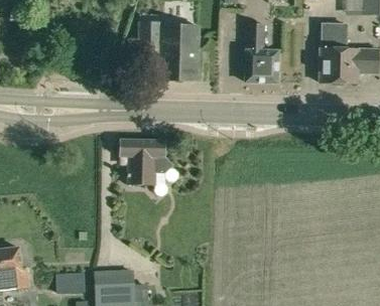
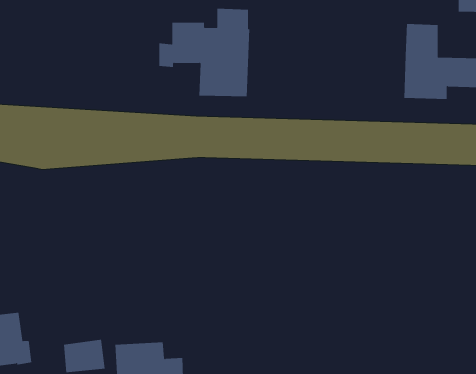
building: [245,24,278,83] -> none
building: [120,140,173,184] -> none

